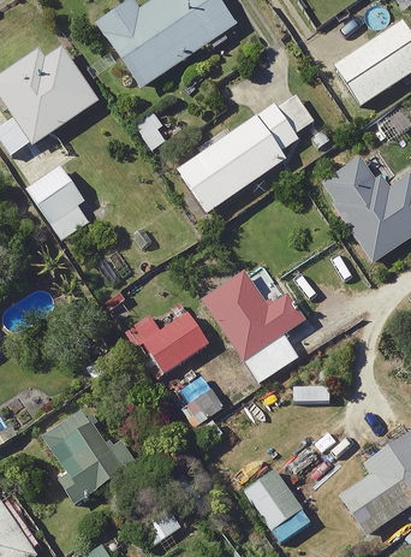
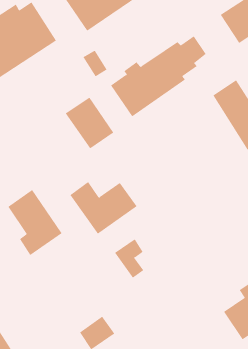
building: [26,165,97,241] -> [65,97,114,149]
building: [203,272,303,383] -> none
building: [43,408,123,504] -> [7,189,62,256]
building: [240,468,299,528] -> none

